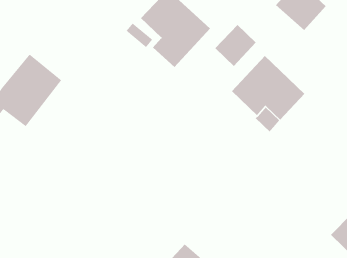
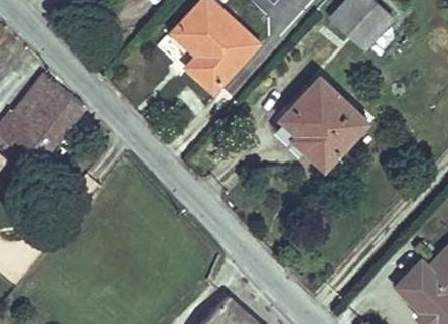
building: [214,24,256,67] -> none

